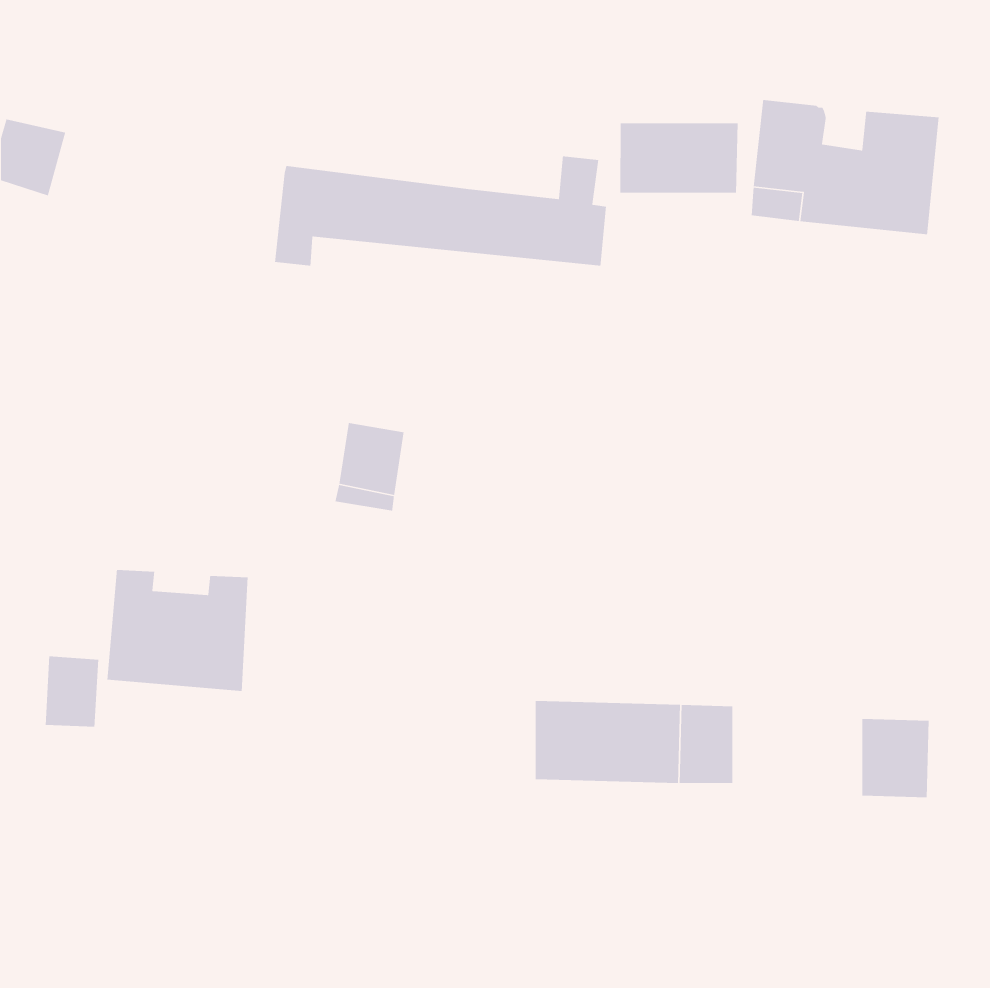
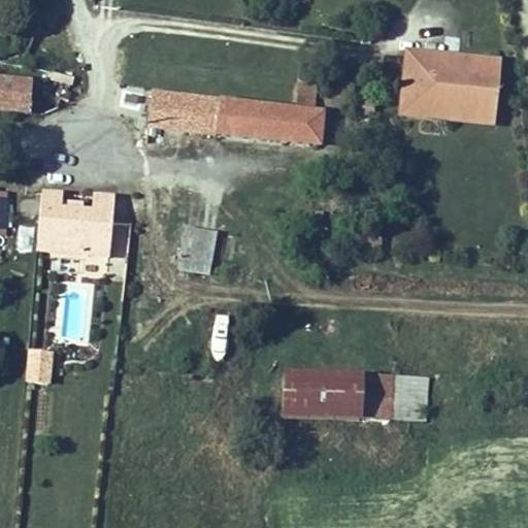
building: [620,122,738,194] -> none
building: [107,569,248,692] -> [38,191,113,256]
building: [861,718,929,798] -> [391,374,427,417]

